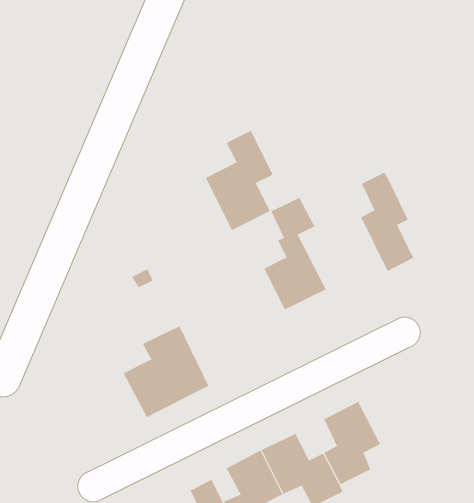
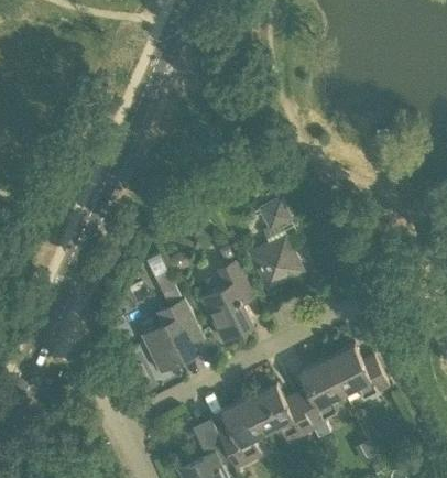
building: [205,130,273,231] -> [203,260,257,339]
building: [360,172,414,272] -> none
building: none -> [327,345,390,399]

